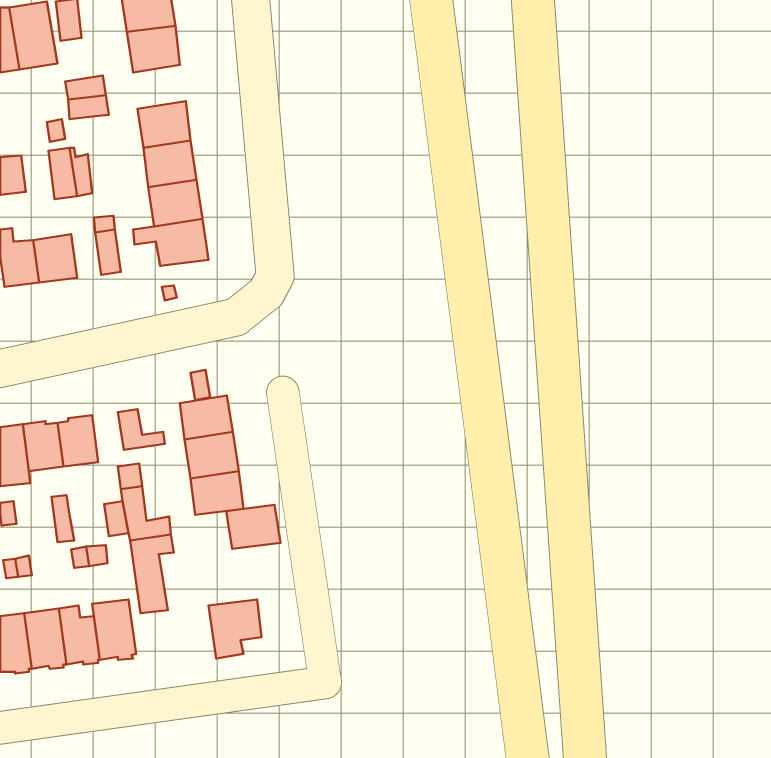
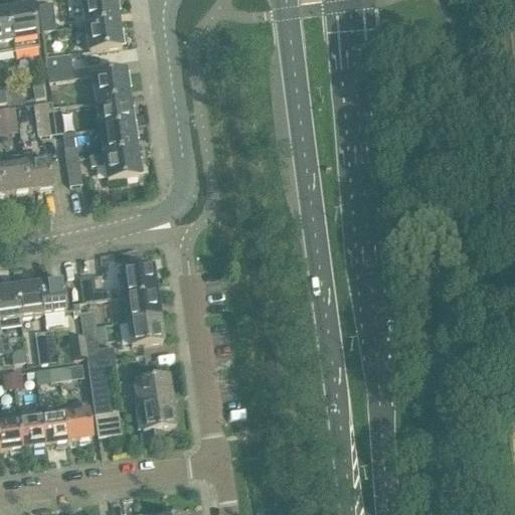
building: [226,505,281,549] -> [136,374,172,403]
building: none -> [95,405,122,435]

